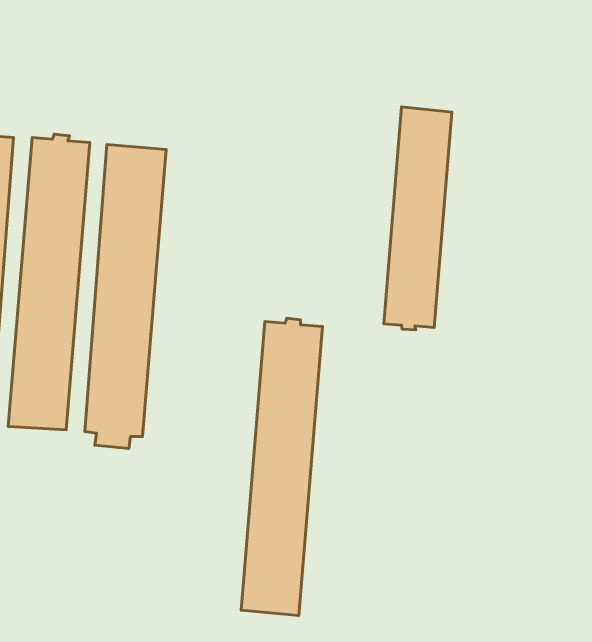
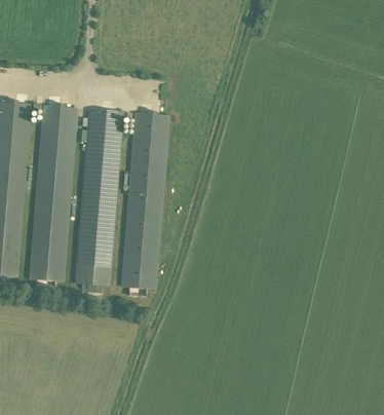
building: [384,107,452,330] -> none
building: [241,318,323,615] -> [120,110,169,290]

